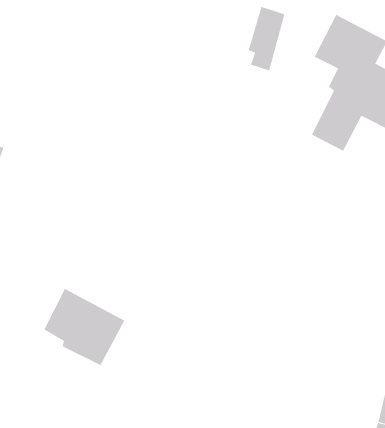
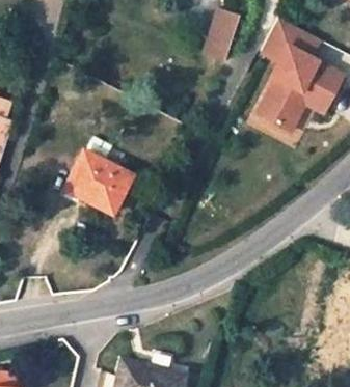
building: [44,288,125,366] -> [68,153,133,215]

